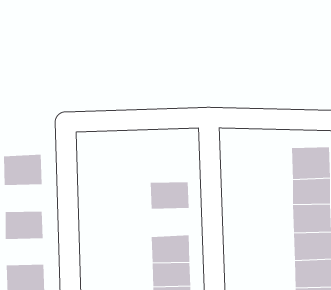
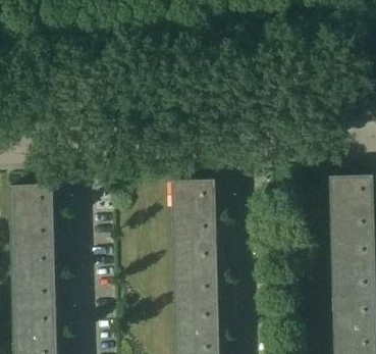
building: none -> [172,180,216,215]
building: none -> [11,217,54,248]
building: none -> [174,244,217,275]
building: none -> [12,277,56,307]

